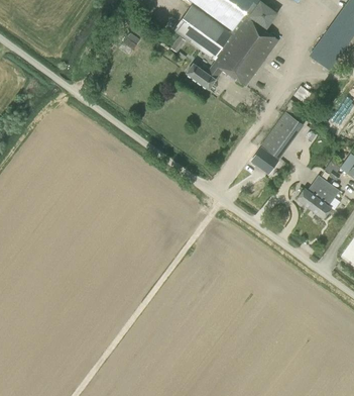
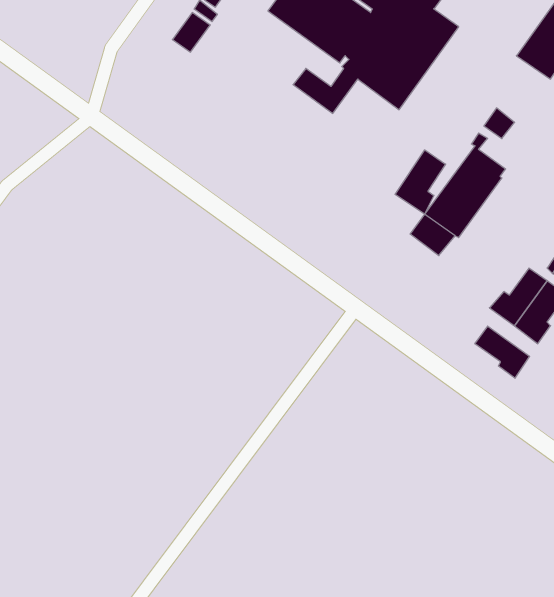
building: none -> [395,150,446,214]
building: none -> [475,326,530,378]

